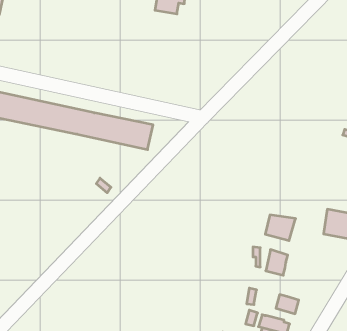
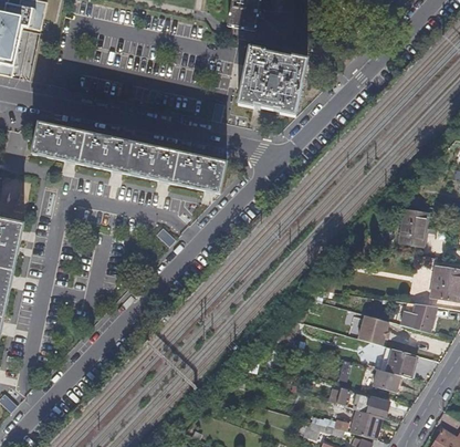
building: none -> [237,49,305,115]
building: none -> [399,209,427,243]
building: [265,215,296,241] -> [400,300,437,331]
building: none -> [386,347,417,376]

